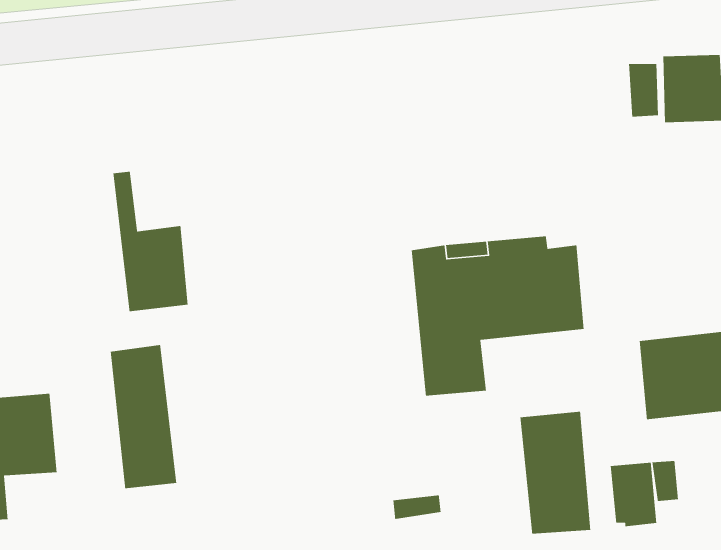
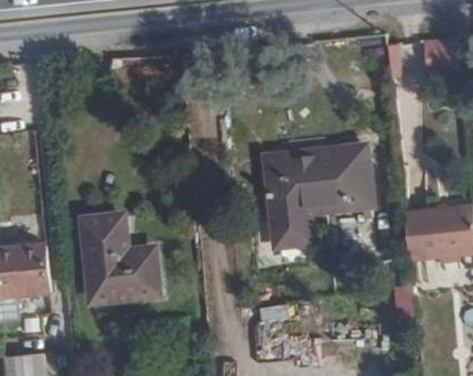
building: [112,171,189,312] -> [112,213,159,299]
building: [519,411,591,535] -> none

